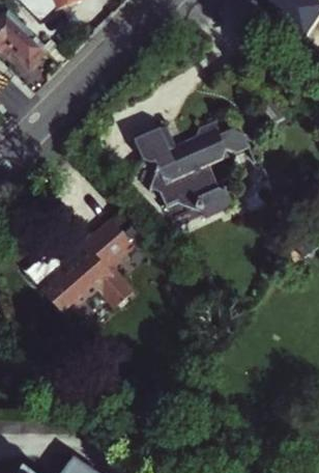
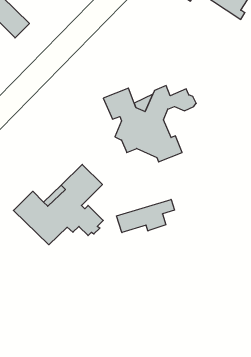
building: none -> [117,199,174,233]

